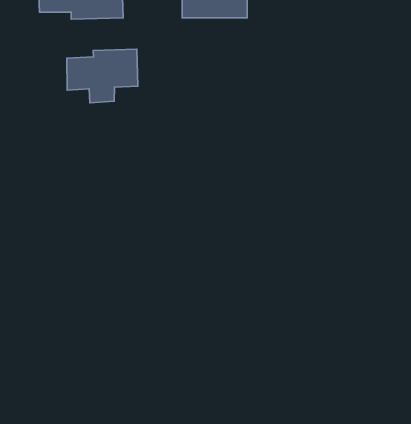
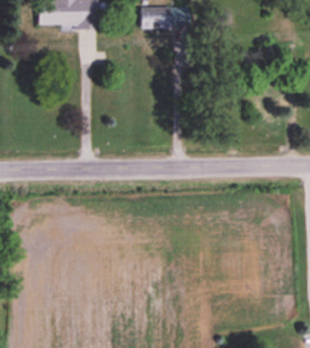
building: [67,49,138,103] -> none

